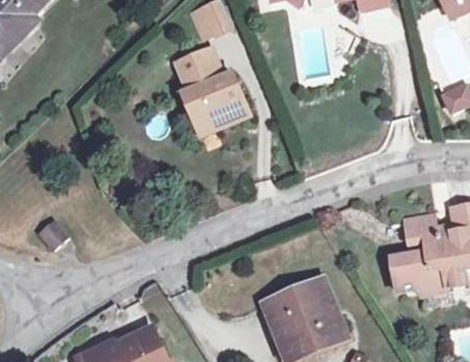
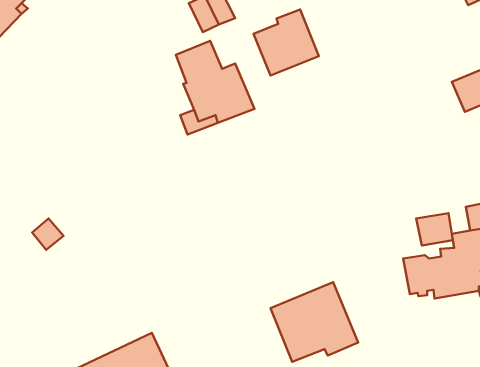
building: none -> [253,9,319,75]

